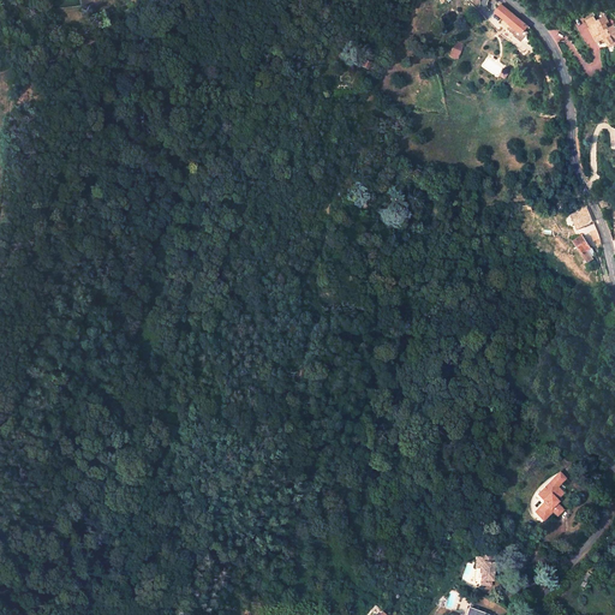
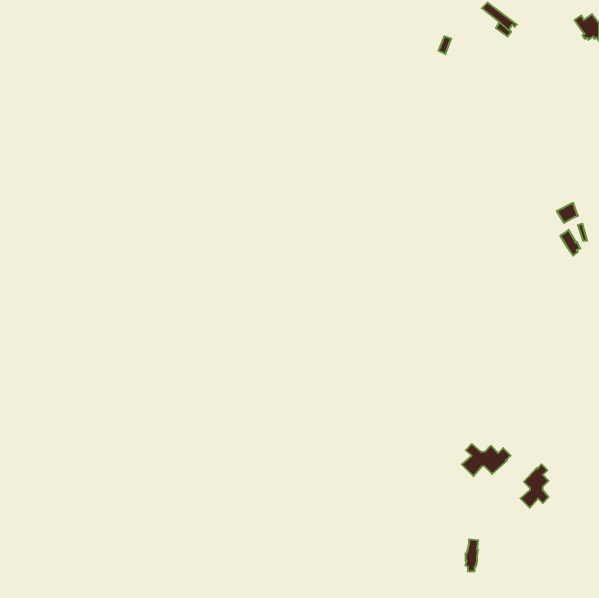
building: none -> [462,444,511,476]

